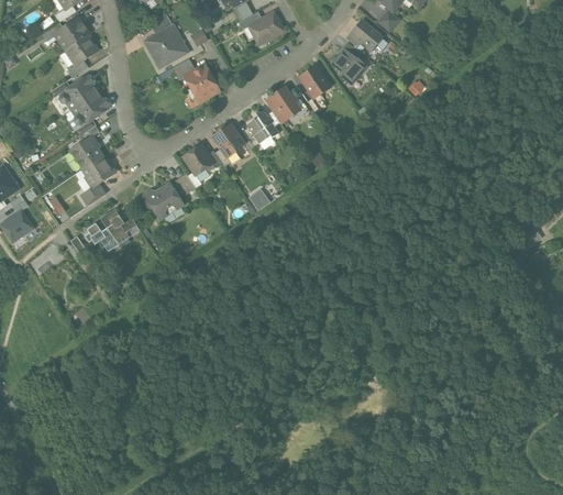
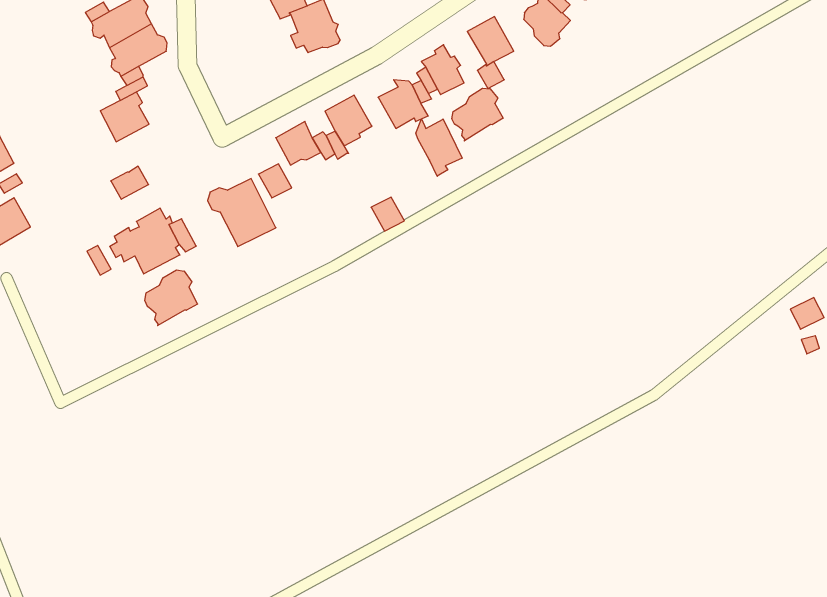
building: none -> [452,88,503,141]
building: none -> [416,119,462,176]
building: [82,155,115,187] -> none
building: none -> [145,270,198,326]

